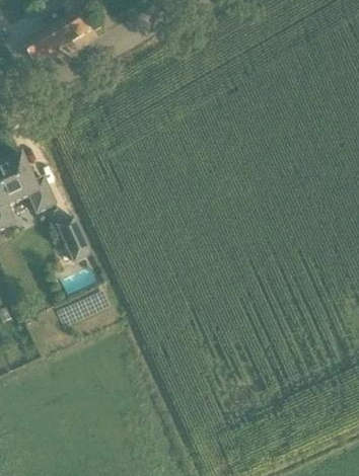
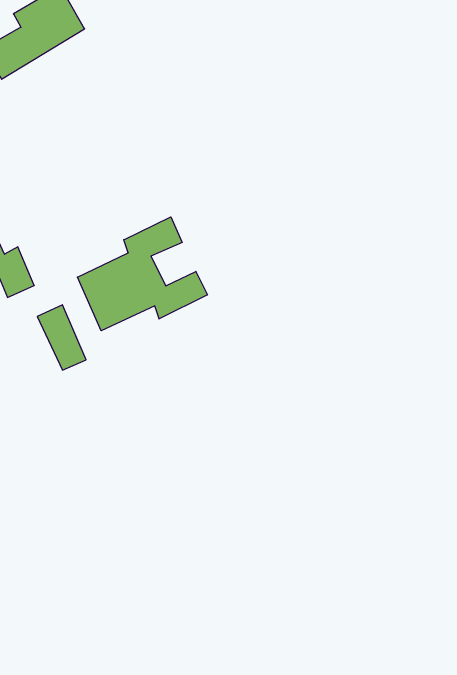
building: none -> [77,217,207,331]

